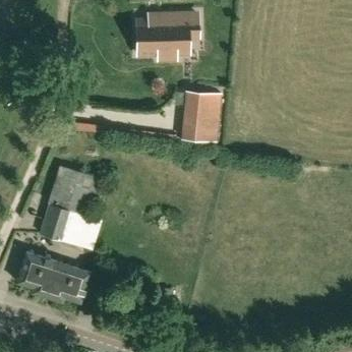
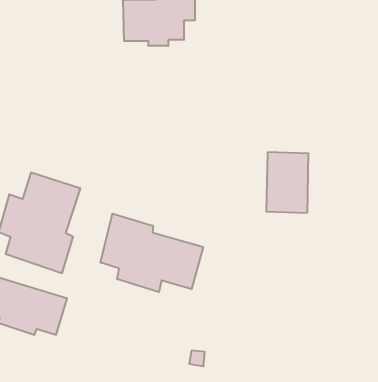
building: [186,90,222,140] -> [266,152,309,213]
building: none -> [100,214,203,292]

